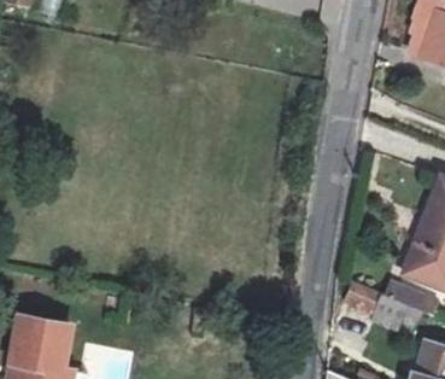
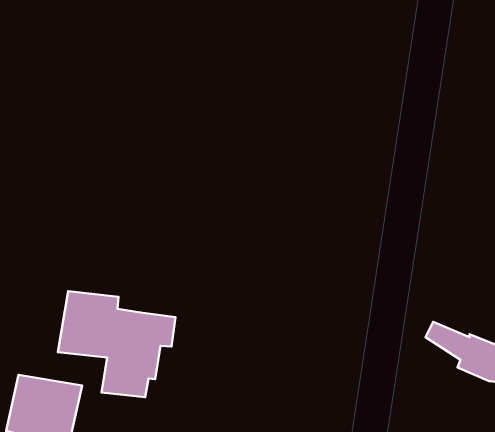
building: none -> [58,291,176,397]

